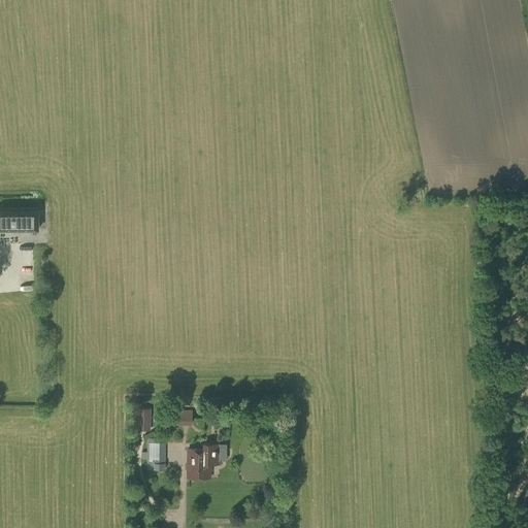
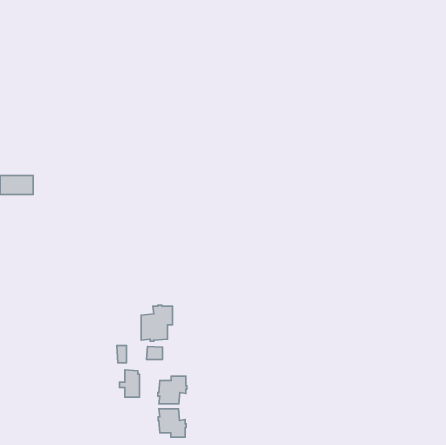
building: none -> [141,305,172,341]
building: none -> [158,409,186,437]

